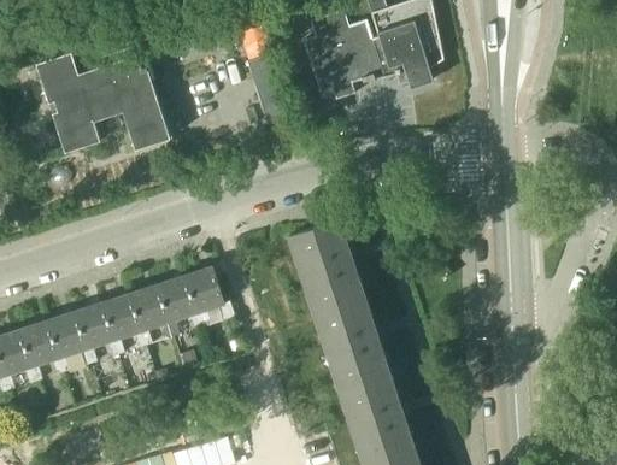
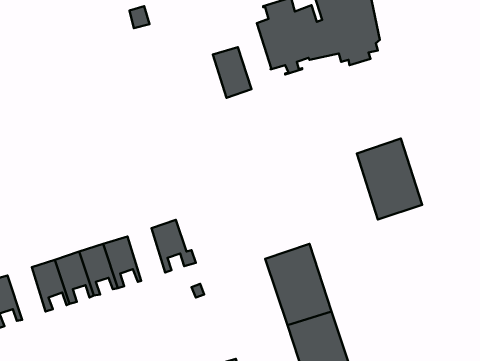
building: [34,53,169,153] -> none
building: [288,218,363,311] -> [357,139,422,220]
building: [154,276,198,336] -> none
building: [17,320,60,381] -> none

